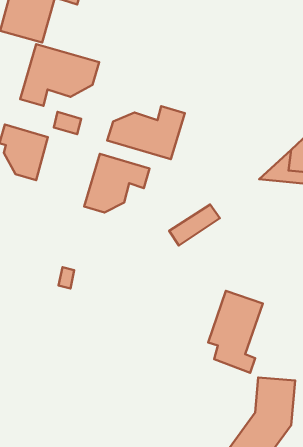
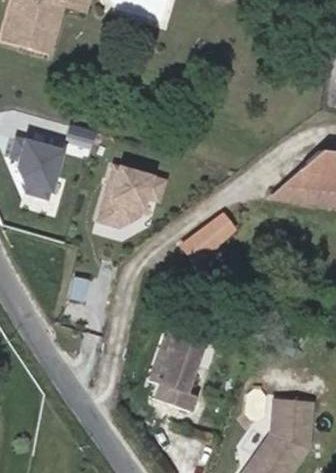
building: [20,44,99,106] -> none
building: [107,106,185,159] -> none
building: [208,291,263,373] -> [148,326,204,410]

